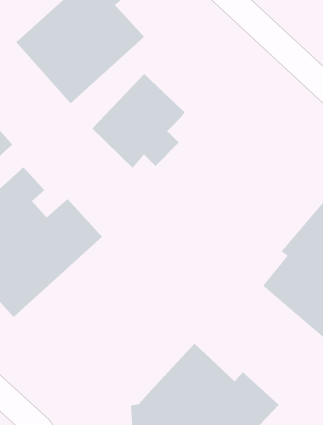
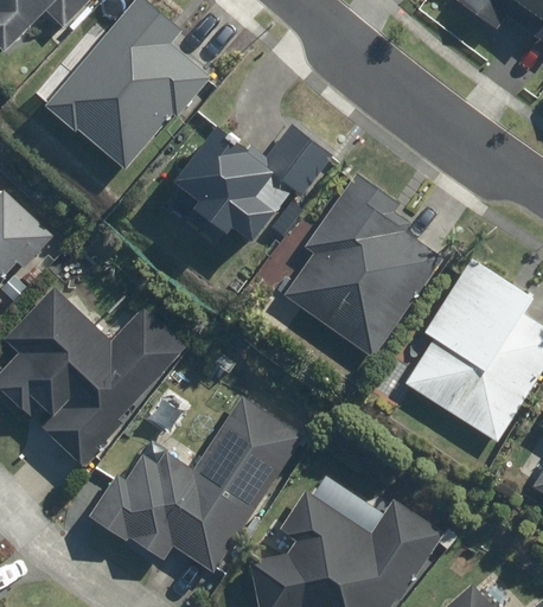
building: none -> [263,123,333,197]
building: none -> [276,175,445,359]
building: none -> [89,395,302,575]

